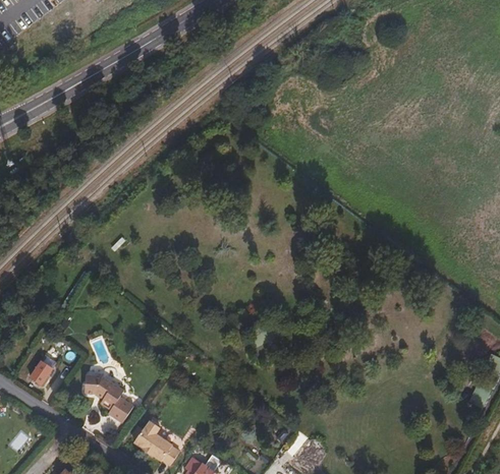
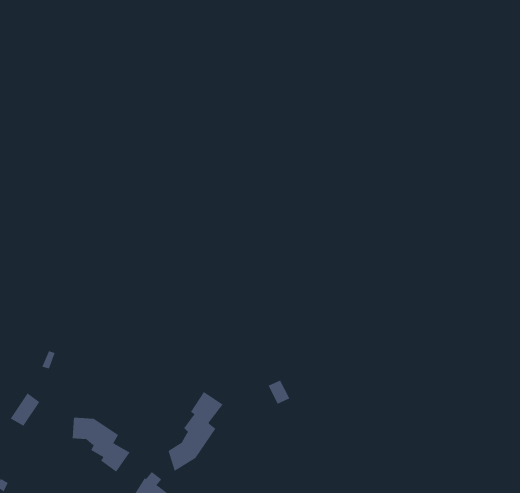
building: none -> [168,391,223,472]

